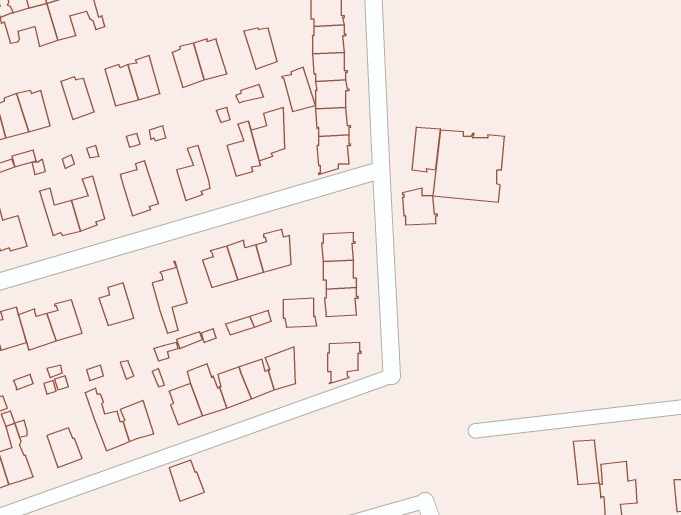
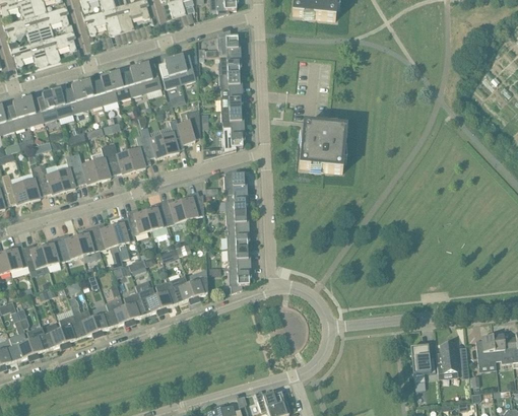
building: none -> [110,72,132,99]
building: [282,67,315,112] -> [158,58,181,87]
building: none -> [66,83,87,112]
building: none -> [38,91,59,121]
building: [412,127,440,172] -> none
building: none -> [140,126,168,157]
building: none -> [107,142,134,174]
building: none -> [72,152,99,184]
building: [402,188,437,225] -> [223,168,247,193]
building: none -> [22,164,46,201]
building: none -> [127,207,151,238]
building: none -> [92,222,117,249]
building: none -> [58,232,82,259]
building: [283,298,317,327] -> [228,247,250,266]
building: none -> [59,316,81,342]
building: none -> [26,327,49,354]
building: [573,440,599,484] -> [440,342,457,371]
building: [169,460,204,501] -> [106,298,129,326]

